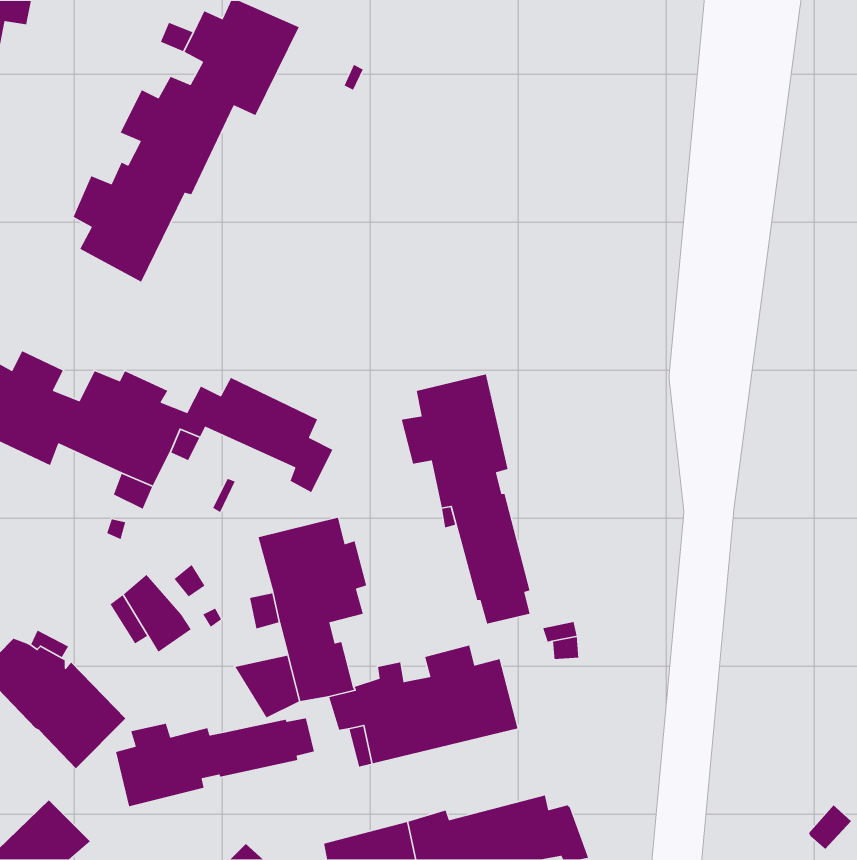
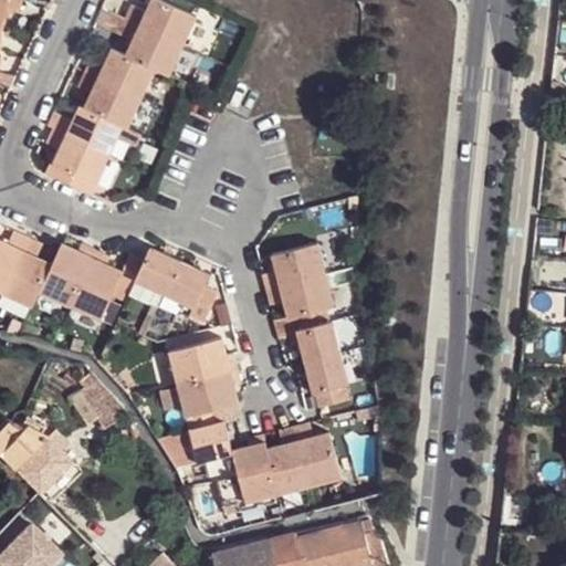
building: [115,718,315,807] -> none

